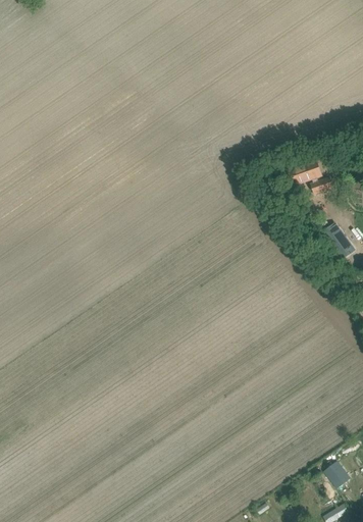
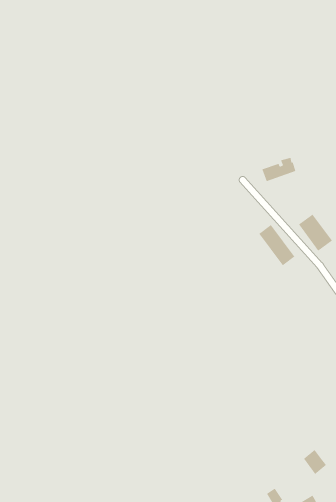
building: none -> [259,224,295,266]

